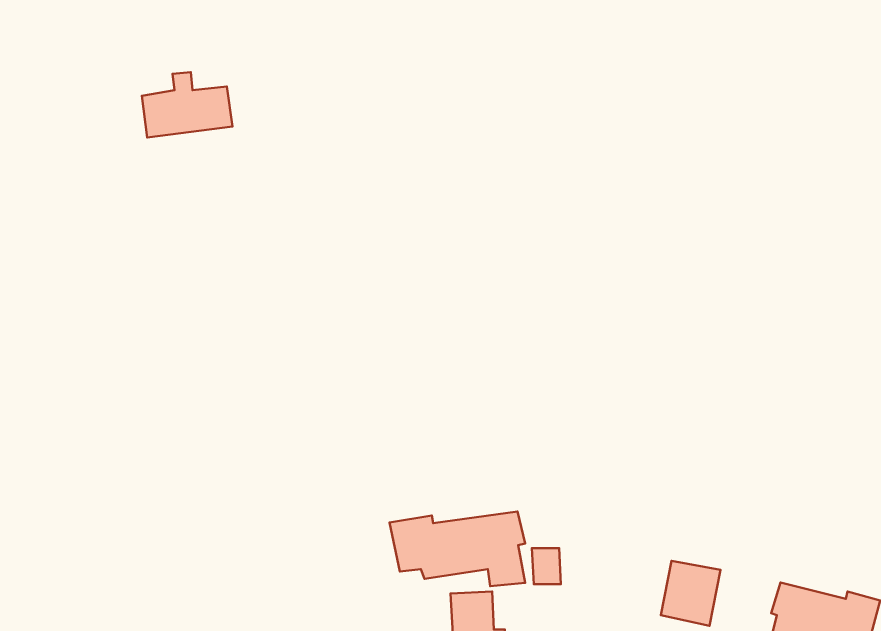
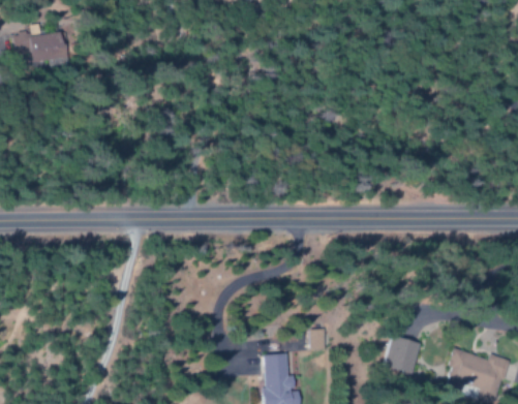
building: [142,72,232,137] -> [13,24,65,61]
building: [390,511,525,586] -> none

